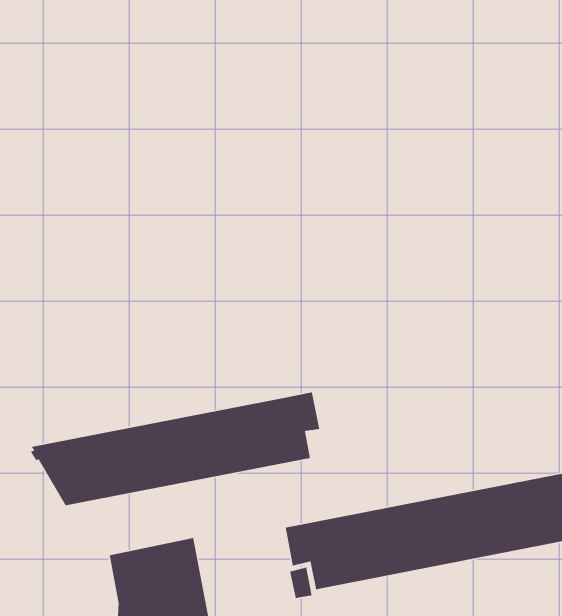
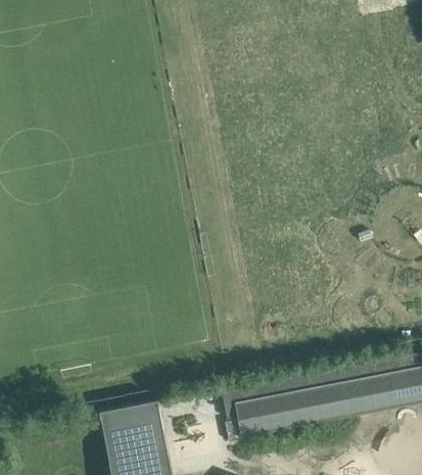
building: [30,392,320,506] -> none

